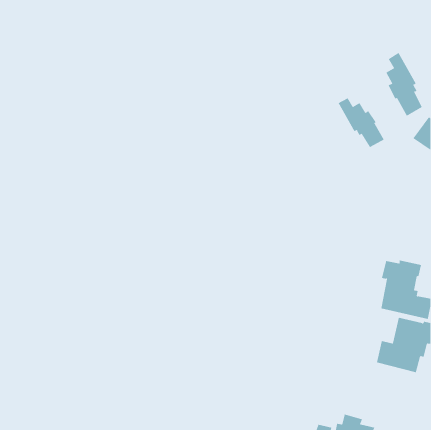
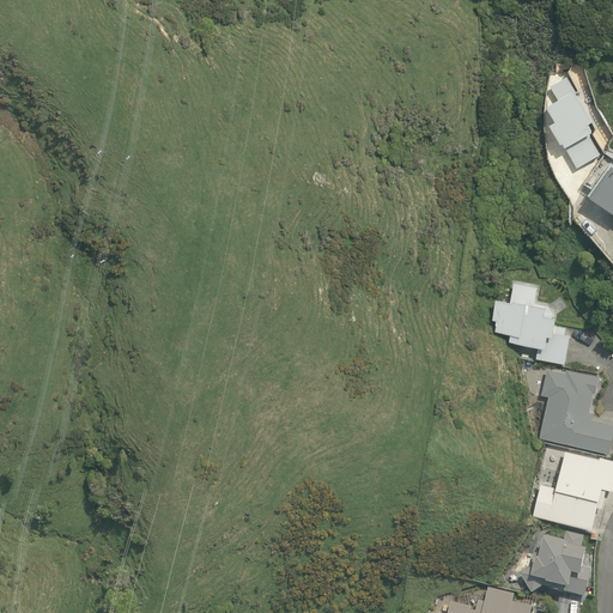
building: [338,98,384,148] -> none
building: none -> [493,284,570,365]
building: none -> [523,535,589,595]

